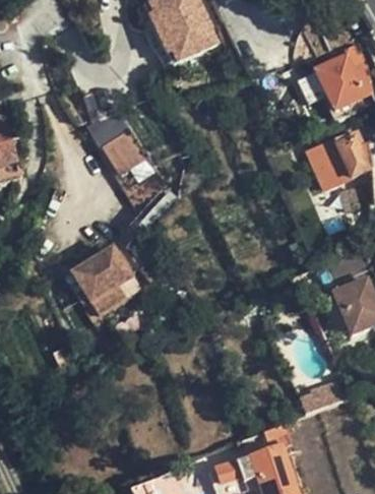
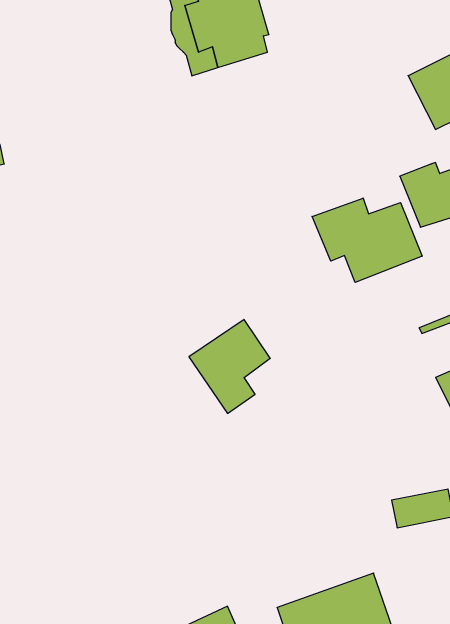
building: [97,111,146,168] -> none
building: none -> [312,198,422,282]
building: [69,246,129,315] -> [189,320,270,413]

